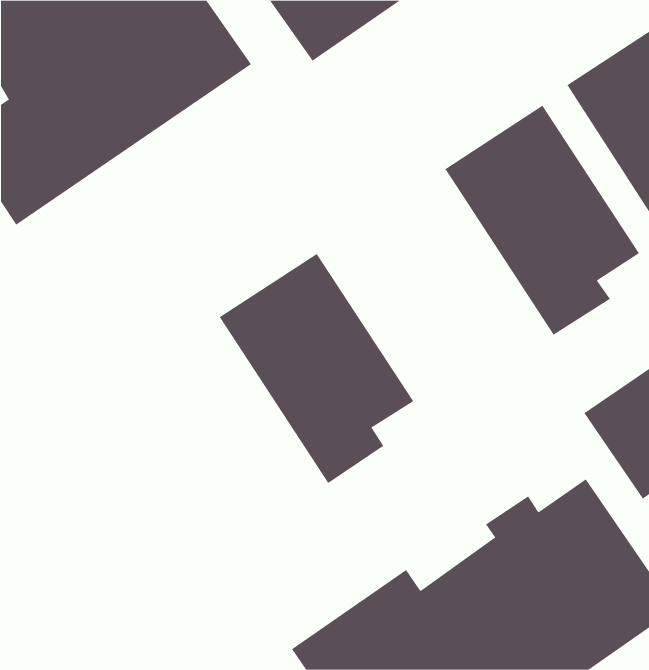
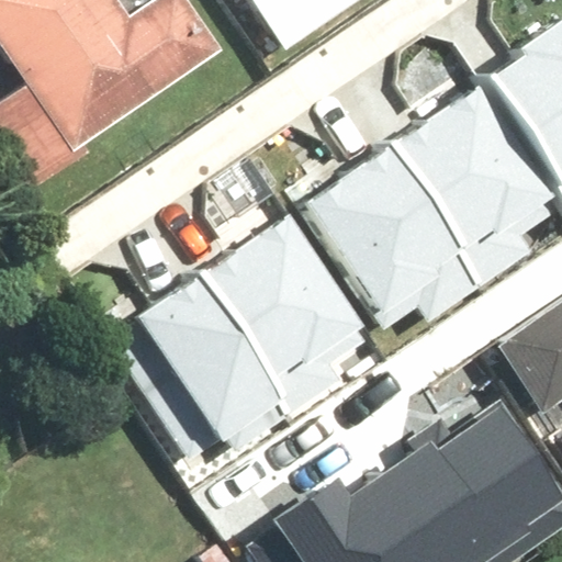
building: none -> [307,142,481,319]
building: none -> [117,266,292,442]

